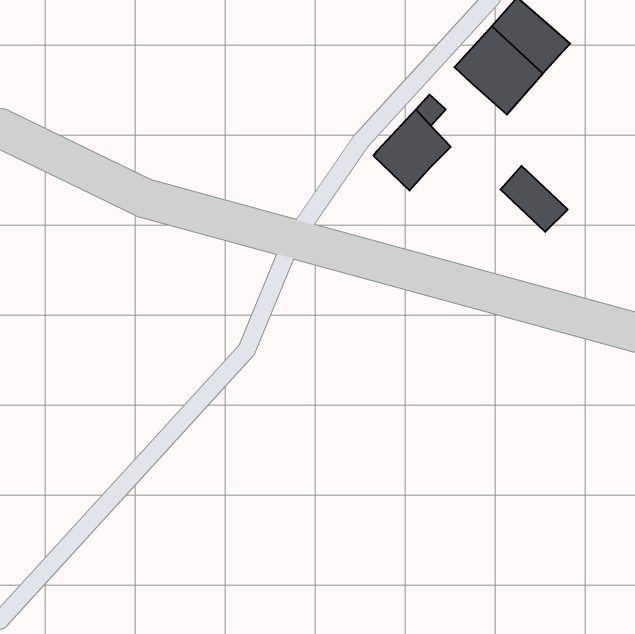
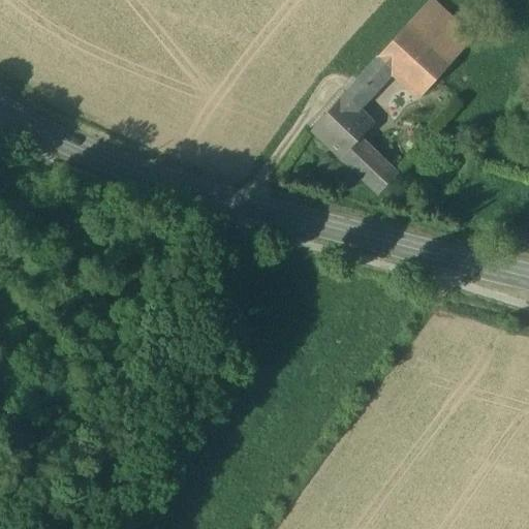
building: none -> [357,56,392,91]
building: [500,166,568,232] -> [341,138,397,193]

